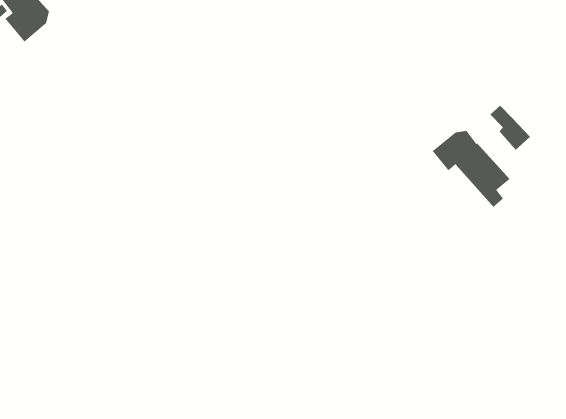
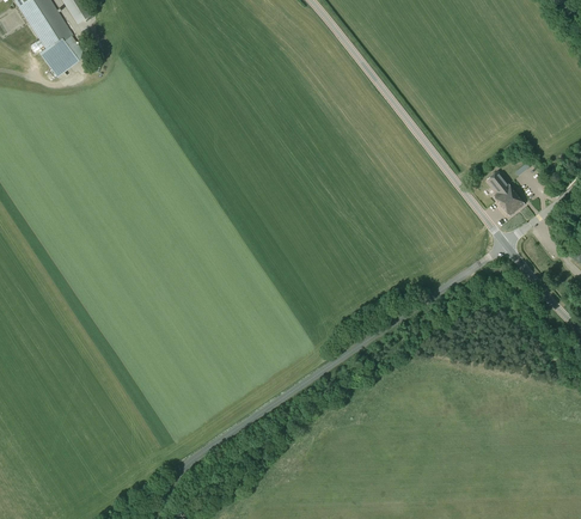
building: [432,130,511,208] -> none

